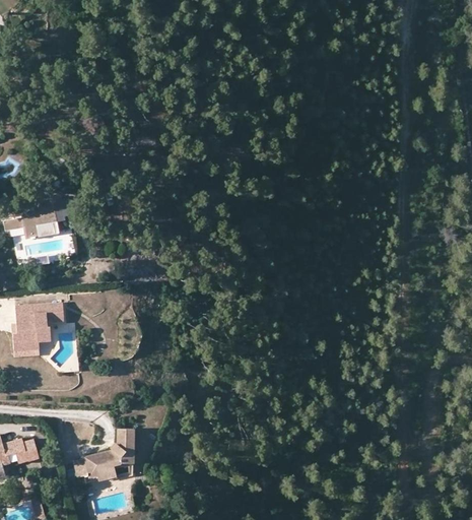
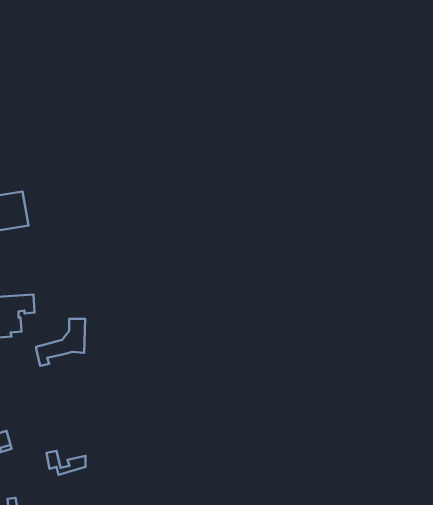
building: [85,431,135,478] -> [36,319,85,366]

